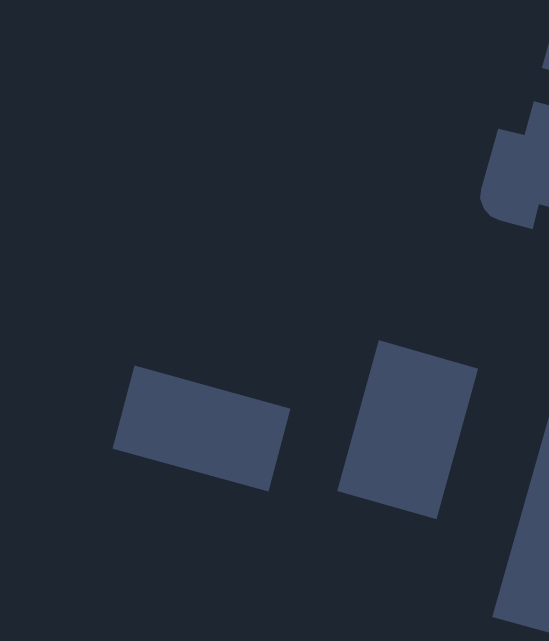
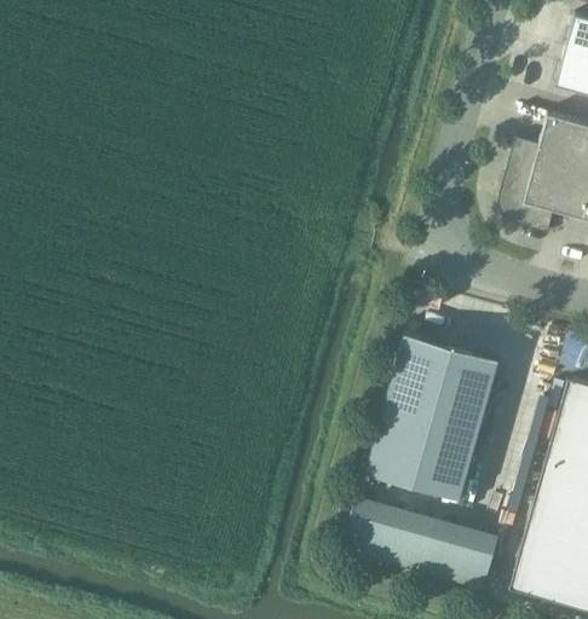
building: [112,365,292,493] -> none
building: none -> [345,497,500,590]

